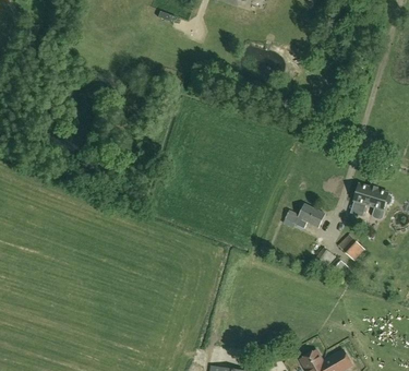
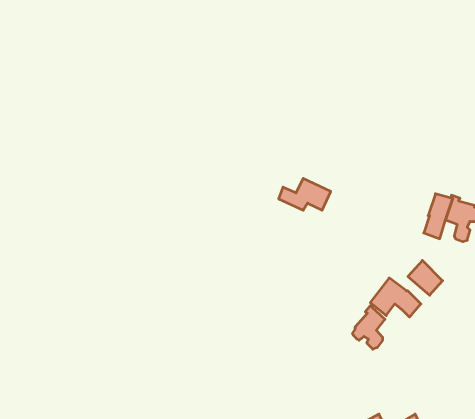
building: [286,203,325,227] -> [279,178,331,210]
building: none -> [353,304,385,349]

